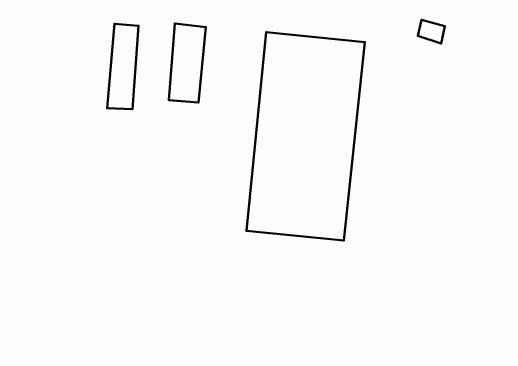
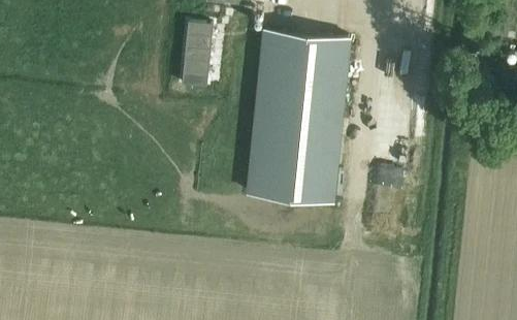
building: [107,24,138,109] -> none

